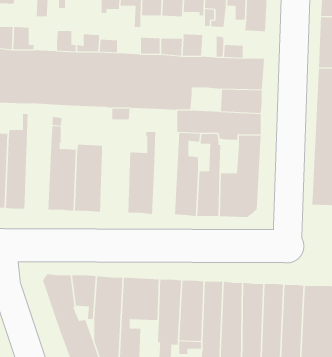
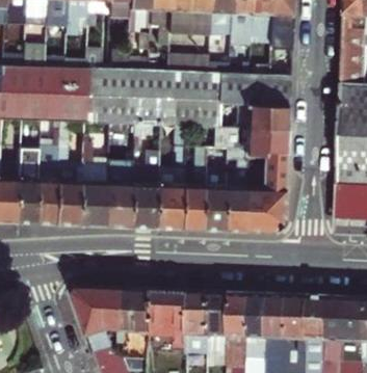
building: none -> [56,122,81,225]
building: none -> [181,149,206,230]
building: none -> [130,167,158,229]

